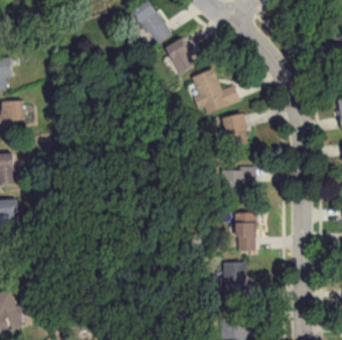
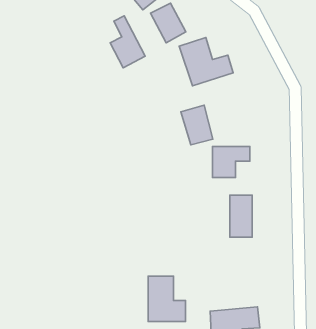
building: none -> [110,16,145,68]
building: [220,113,249,149] -> [181,105,213,145]
building: [222,262,256,303] -> [148,276,186,321]

